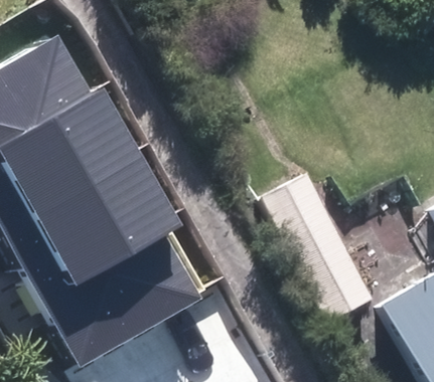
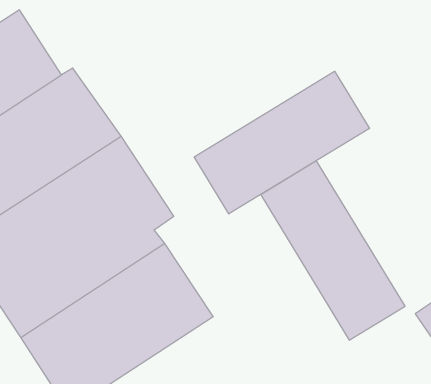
building: none -> [194,71,369,214]

